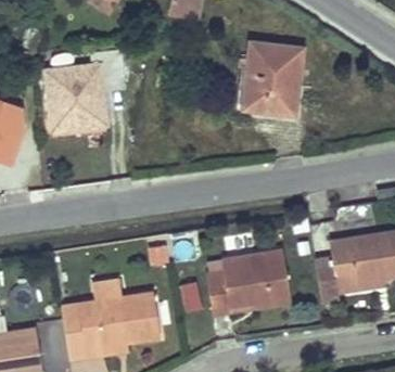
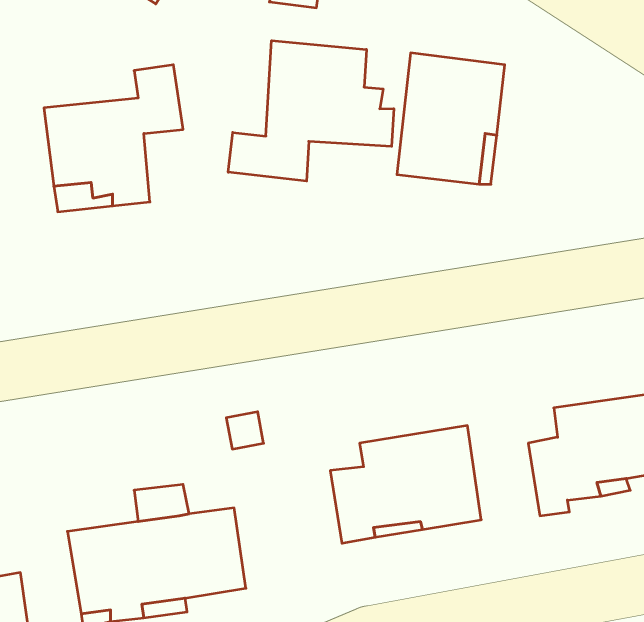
building: none -> [228,41,394,181]

